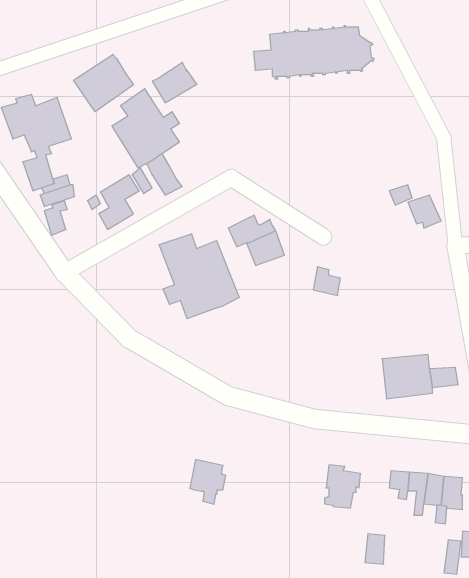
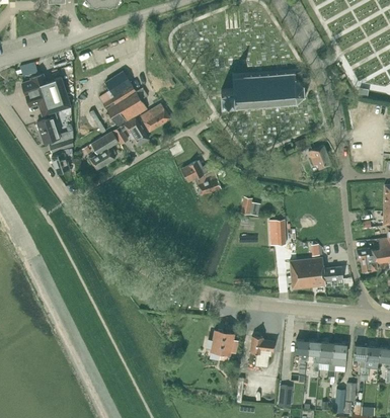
building: [254,26,374,79] -> [221,72,306,109]
building: [74,54,133,112] -> none
building: [152,63,197,103] -> [140,103,171,132]
building: [159,234,239,319] -> none
building: none -> [269,220,286,245]
building: [190,460,226,504] -> [211,329,236,360]

